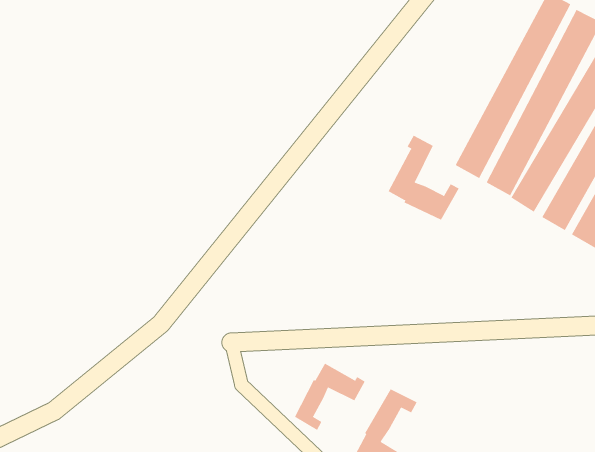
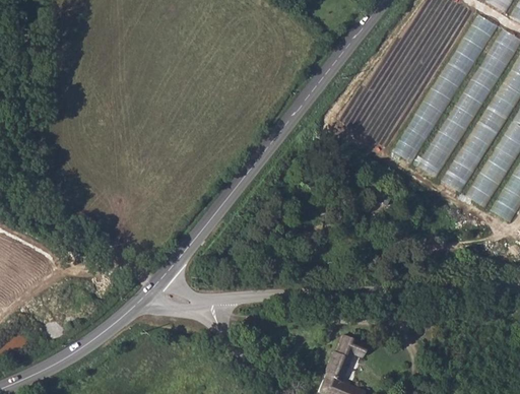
building: [388,135,459,221] -> none
building: [294,363,366,431] -> none

